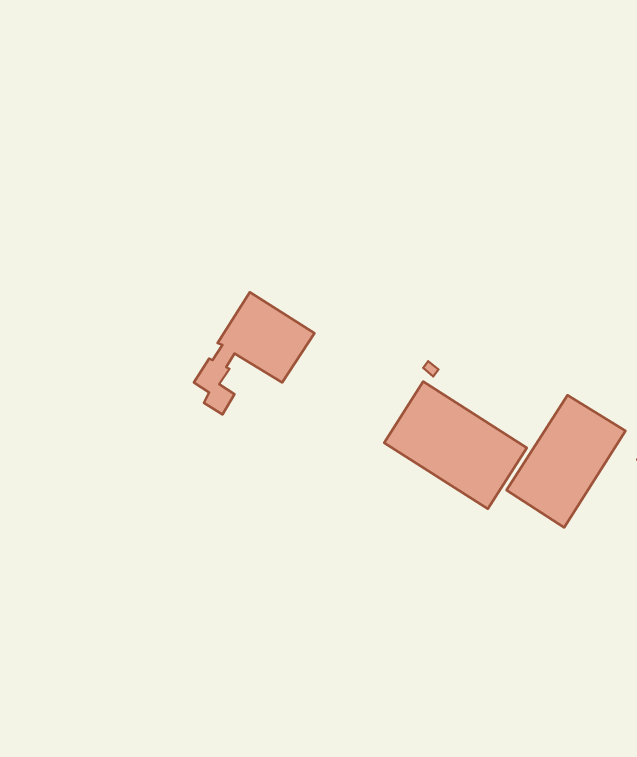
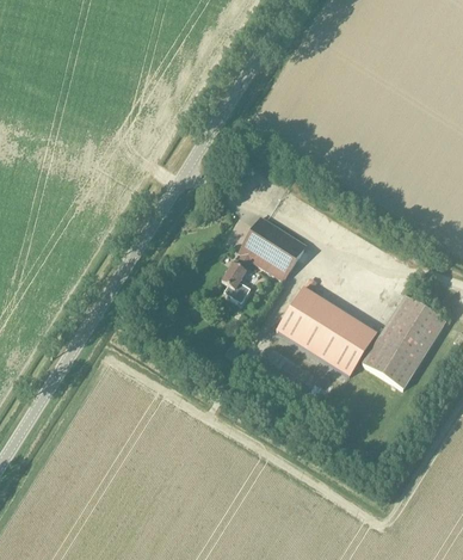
building: [194,292,314,415] -> [221,216,305,302]

